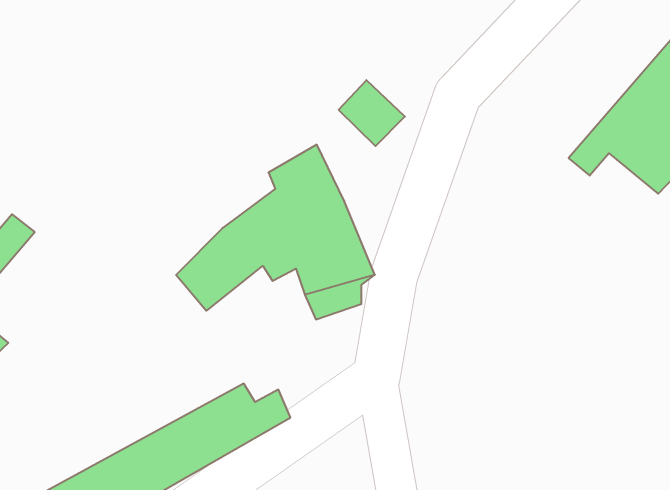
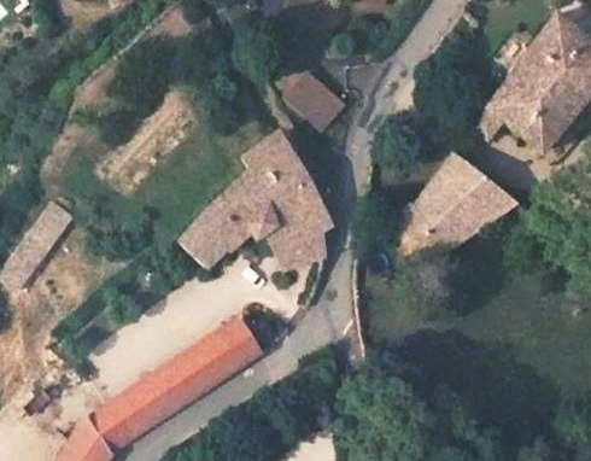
building: none -> [387,153,517,258]

